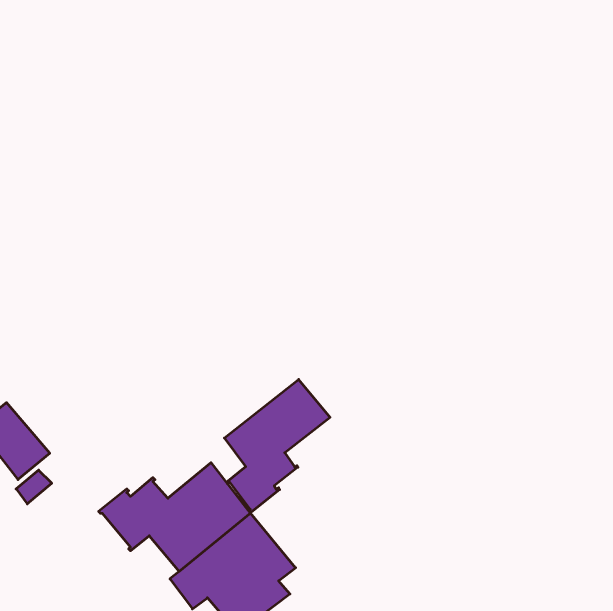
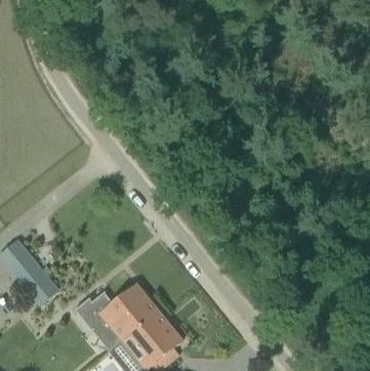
building: [224,379,330,513] -> none

